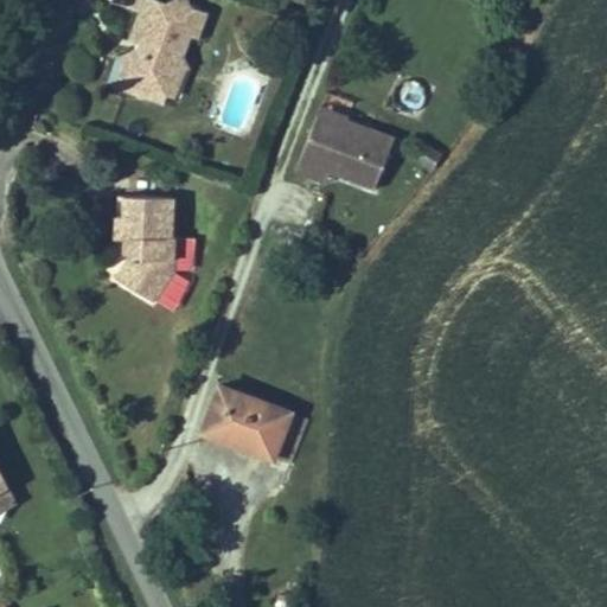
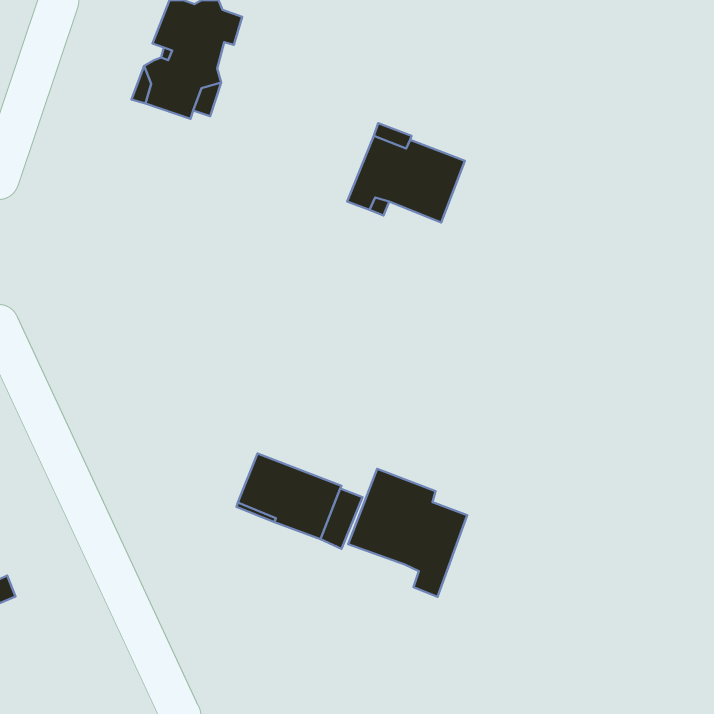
building: [115,197,172,301] -> none
building: none -> [348,469,467,597]

